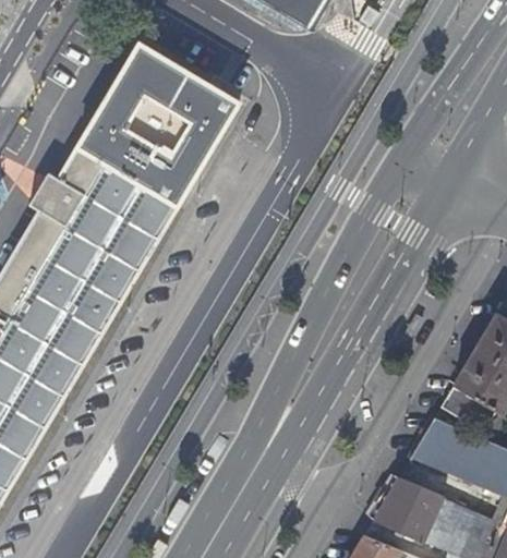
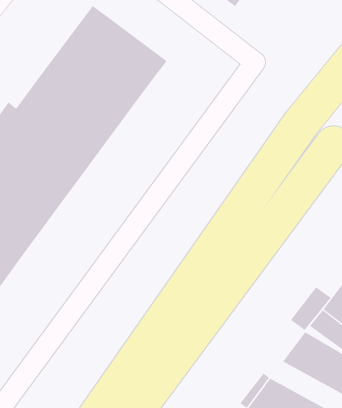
building: none -> [290,286,331,331]

